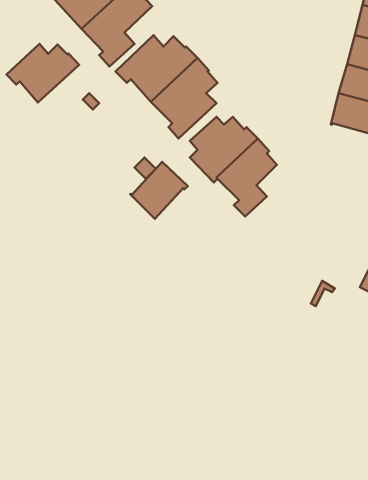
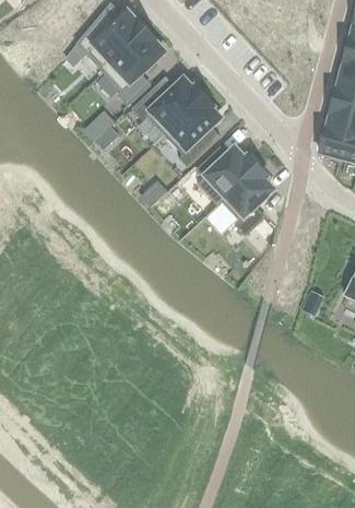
building: [7,44,79,103] -> none
building: [130,162,188,219] -> none

